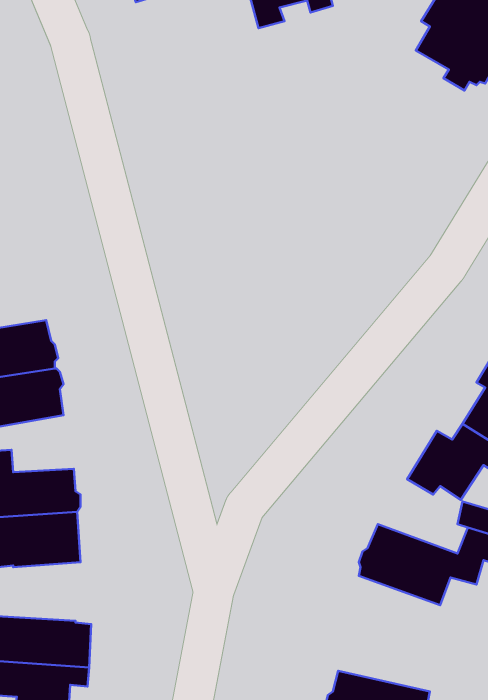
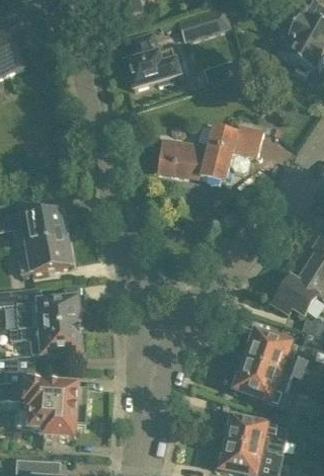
building: none -> [125,31,179,88]
building: none -> [156,125,260,182]
building: none -> [232,359,291,406]

